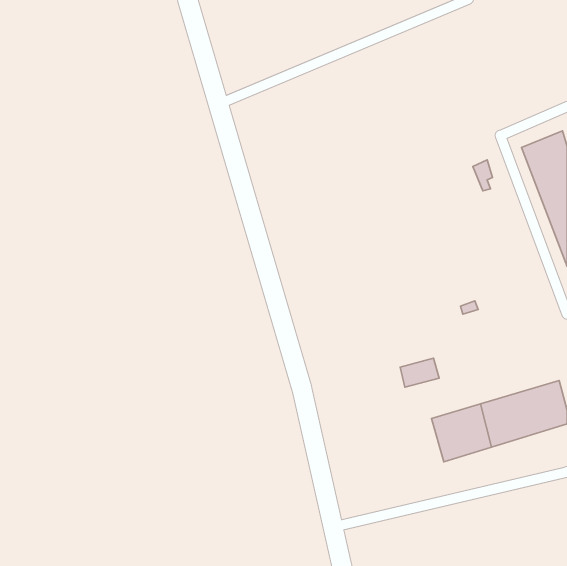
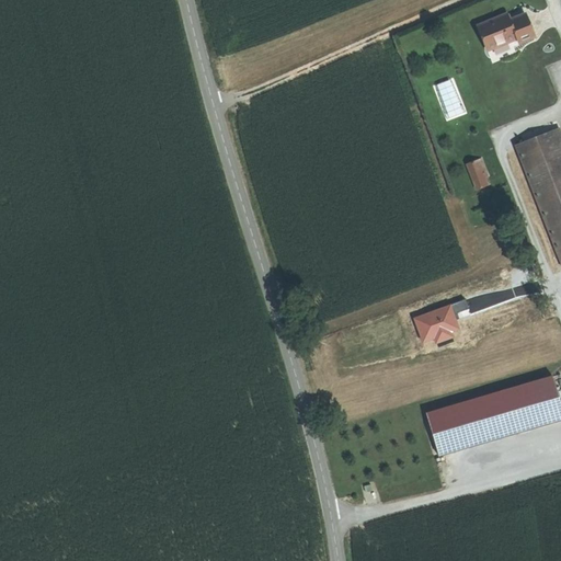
building: none -> [478,15,533,50]
building: [400,358,439,387] -> [420,305,458,333]

